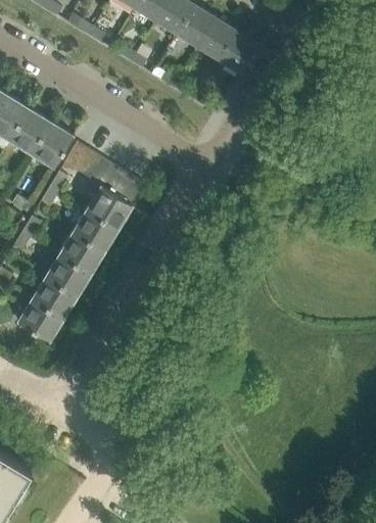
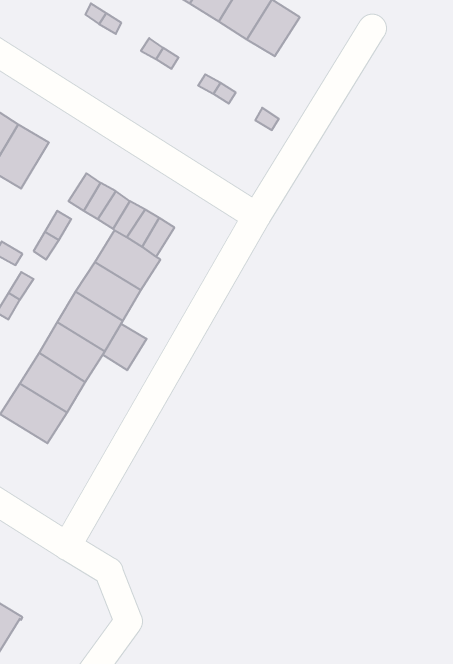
building: [217,30,257,72] -> none
building: [31,122,75,170] -> none
building: none -> [103,324,147,370]

